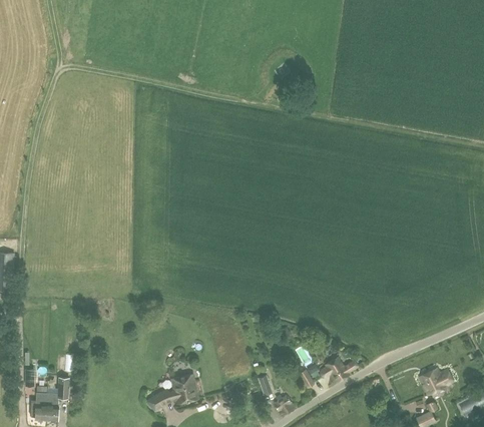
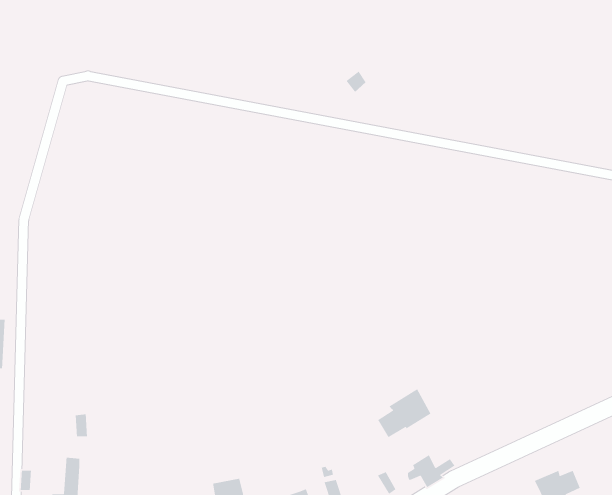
building: none -> [377,388,431,438]

